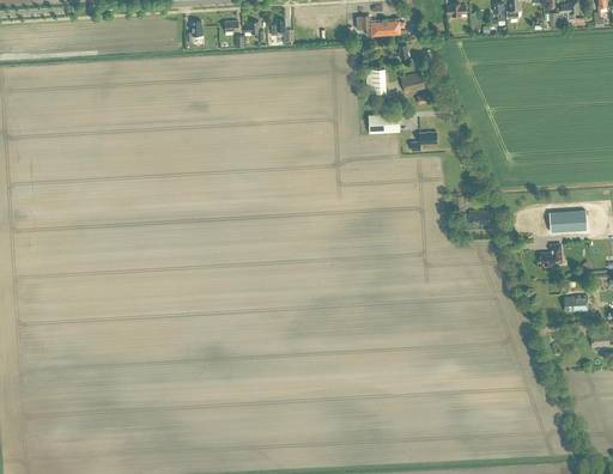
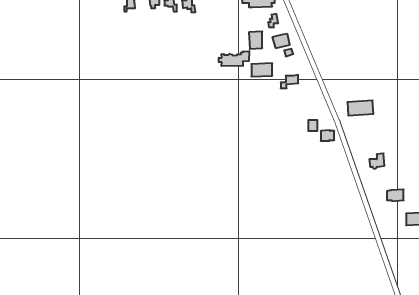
building: none -> [219,51,249,66]
building: [550,209,587,231] -> [347,100,373,116]

